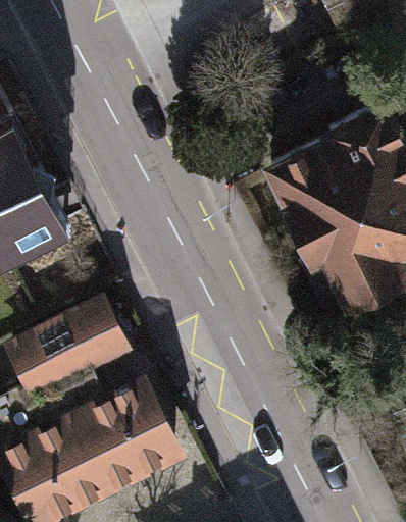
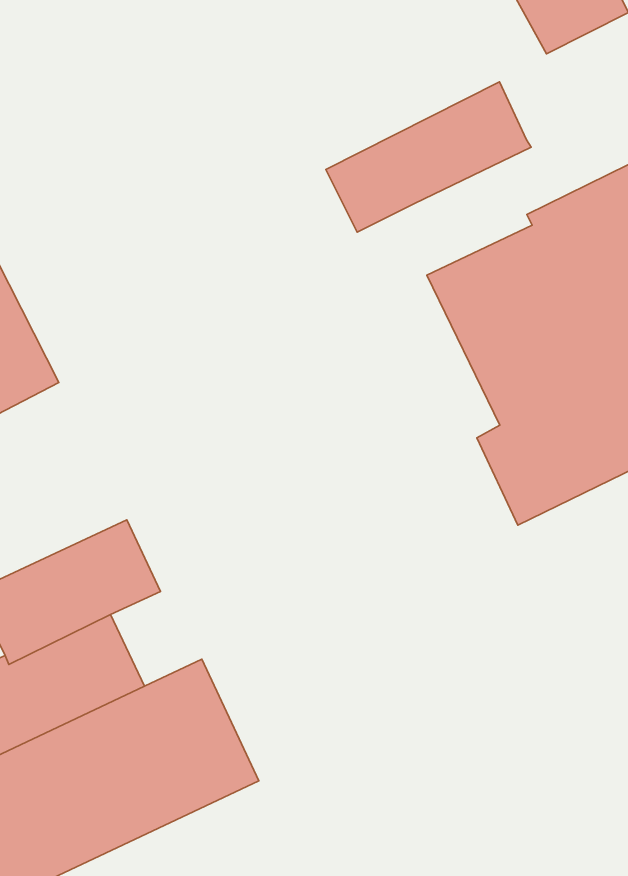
building: none -> [326,82,531,232]

